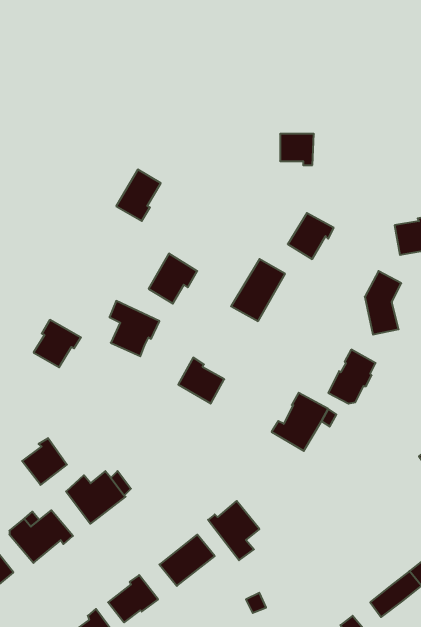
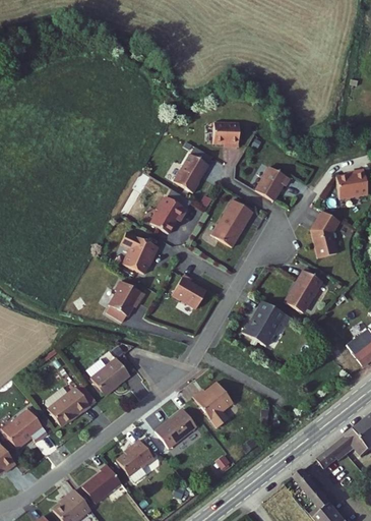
building: [280,134,314,165] -> [211,121,237,144]
building: [116,170,161,221] -> [173,153,206,191]
building: [34,320,81,367] -> [108,280,143,315]
building: [22,438,67,485] -> none

